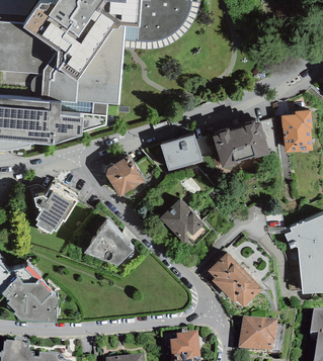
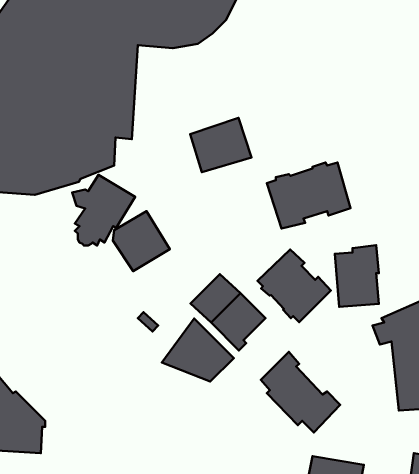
building: [281,108,312,151] -> [335,245,379,307]
building: [160,132,203,170] -> [190,118,252,172]
building: none -> [258,250,331,322]
building: [33,184,77,233] -> [72,175,135,245]
building: [84,220,134,264] -> [162,318,234,382]

